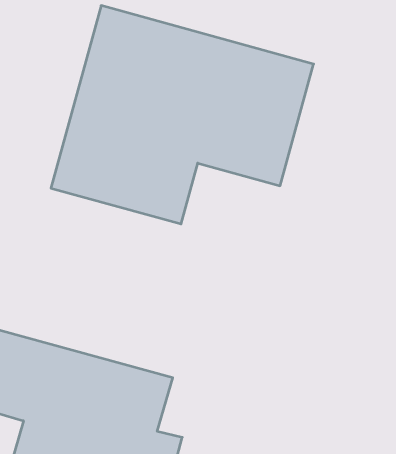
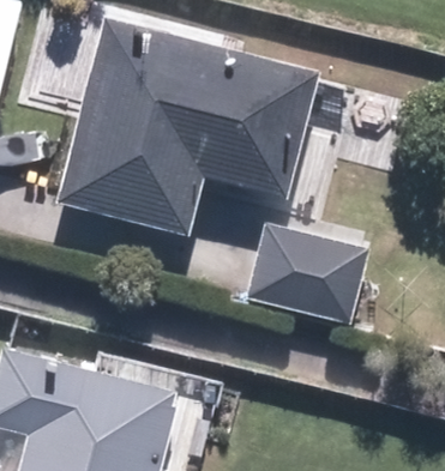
building: none -> [245,224,365,326]

